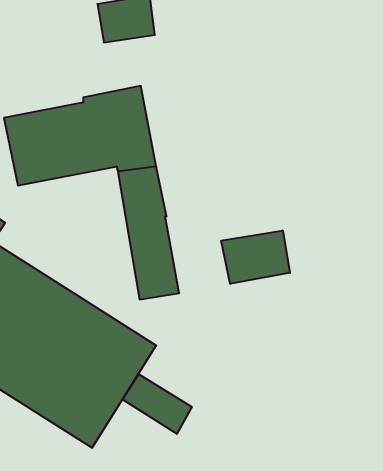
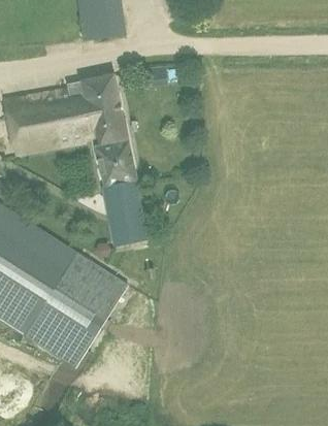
building: [221,230,290,284] -> none
building: [123,374,192,434] -> none

